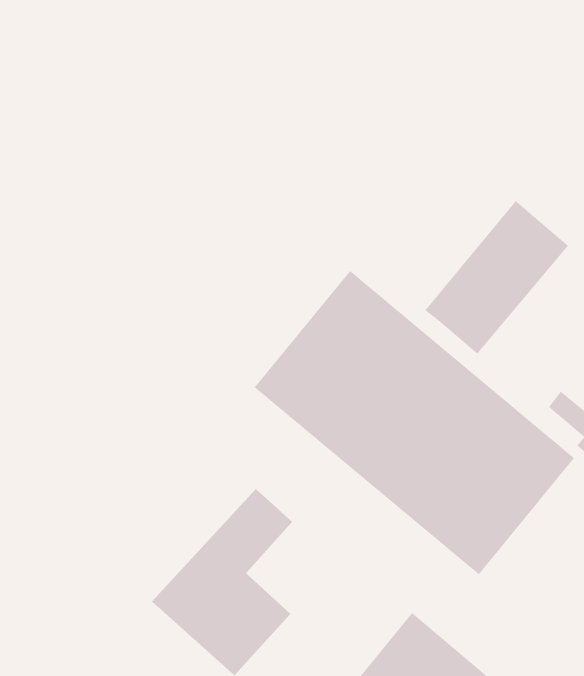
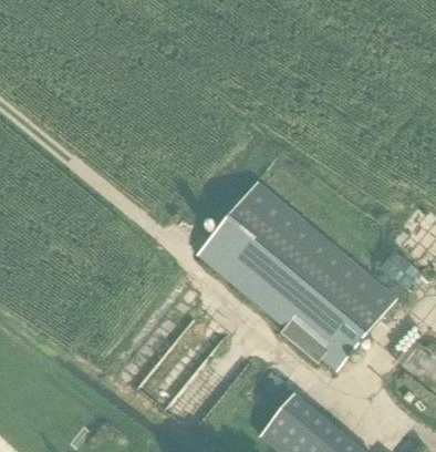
building: [425,200,569,354] -> none

